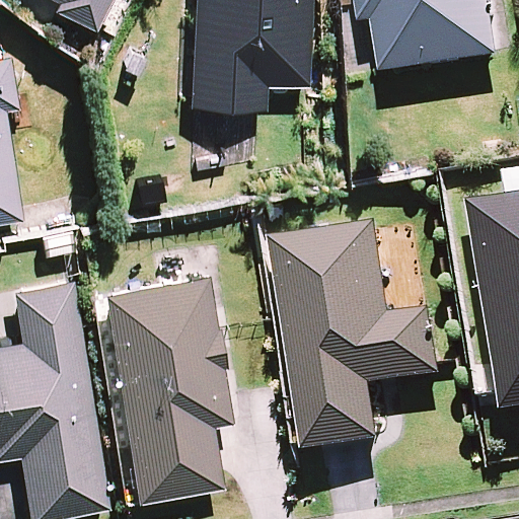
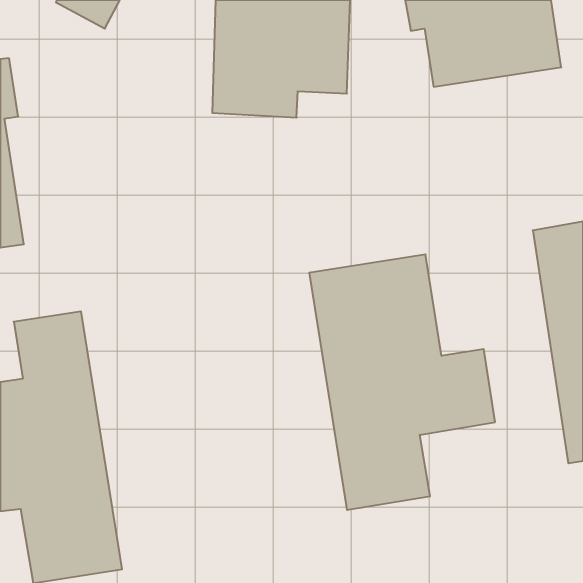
building: [102,270,229,497] -> none

